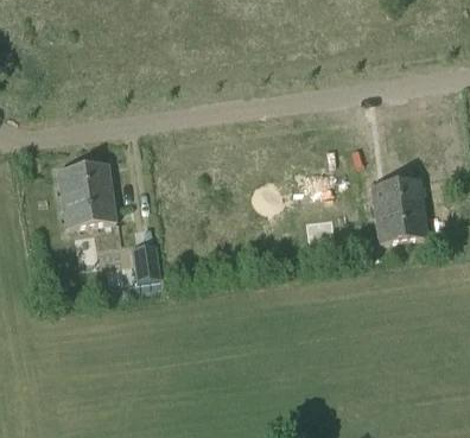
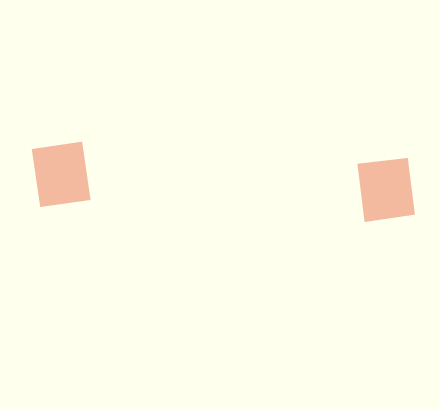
building: [132,243,160,280] -> none

